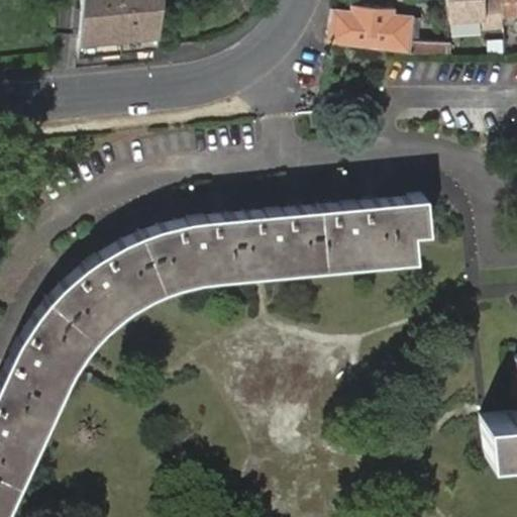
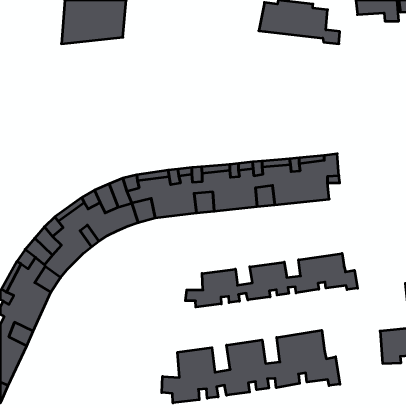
building: none -> [185,253,358,307]
building: none -> [162,330,340,403]

